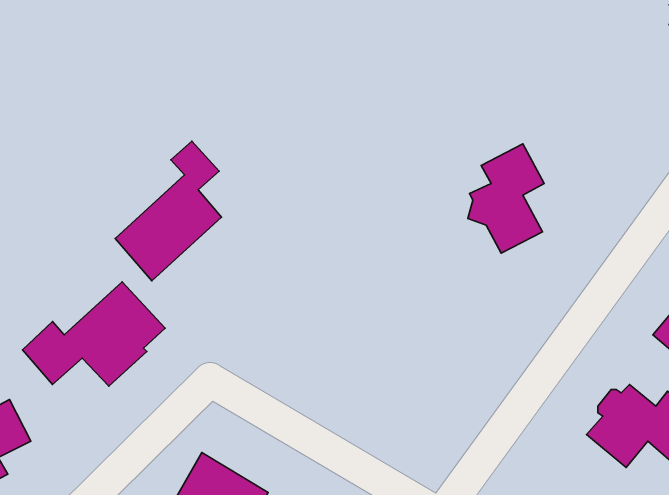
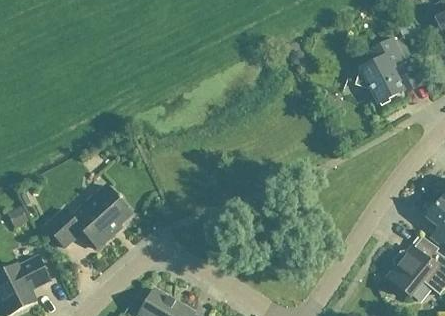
building: [115,141,221,281] -> none
building: [468,144,544,253] -> [359,38,405,104]

